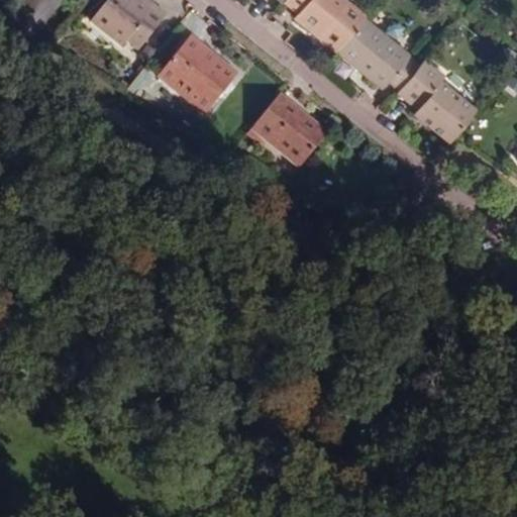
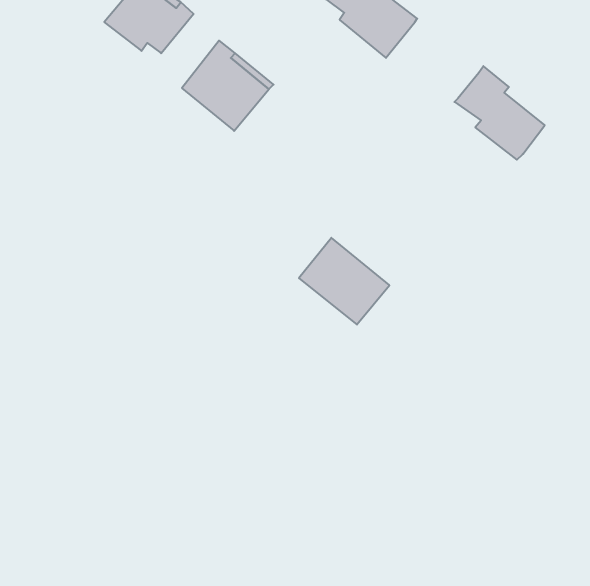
building: [336,19,417,88] -> none
building: [249,91,328,167] -> [299,238,389,325]

